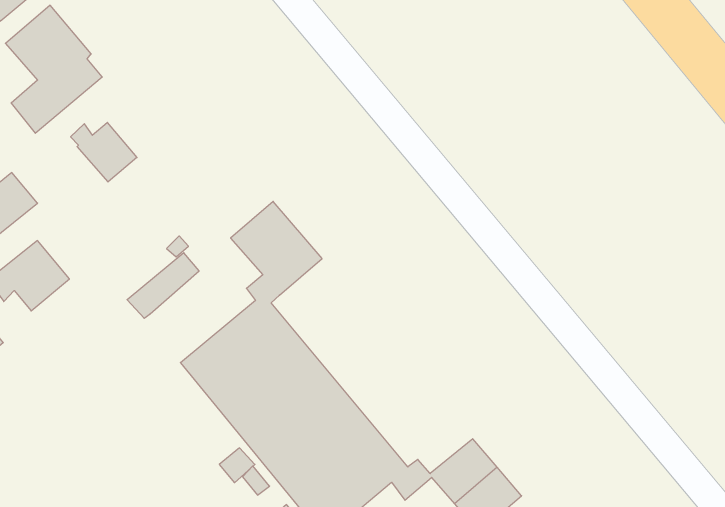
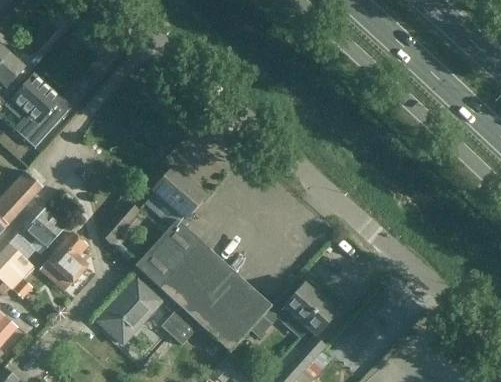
building: [71,122,137,182] -> none
building: none -> [46,232,87,283]
building: none -> [98,277,161,343]

